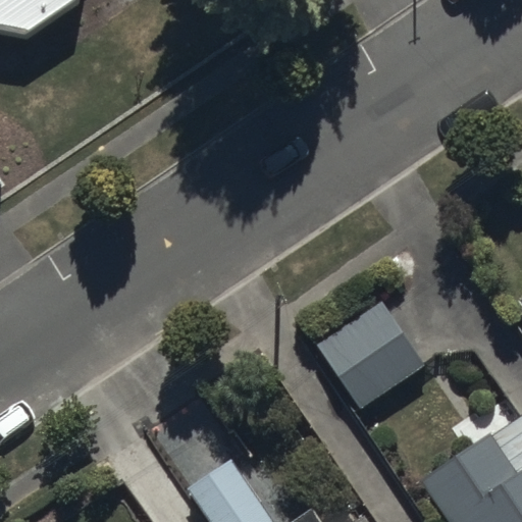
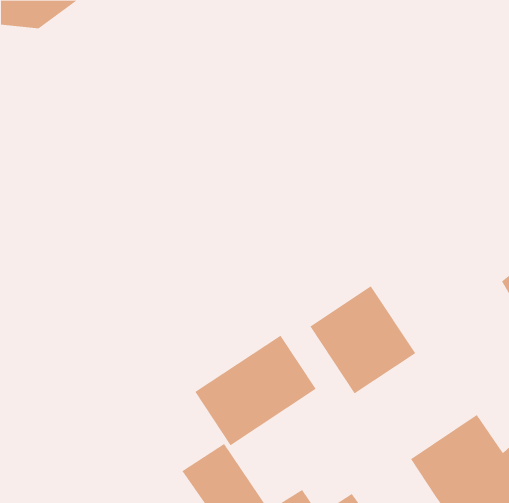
building: none -> [194,335,316,446]

